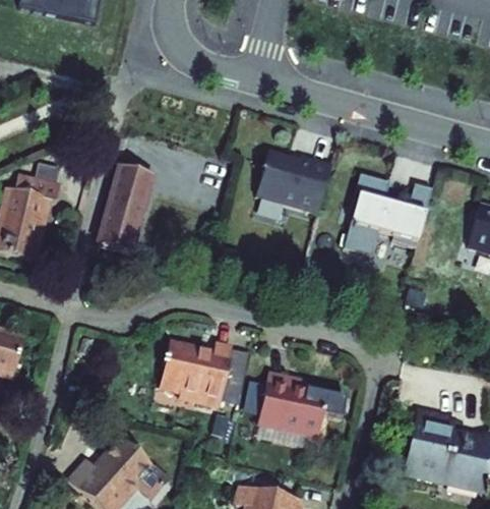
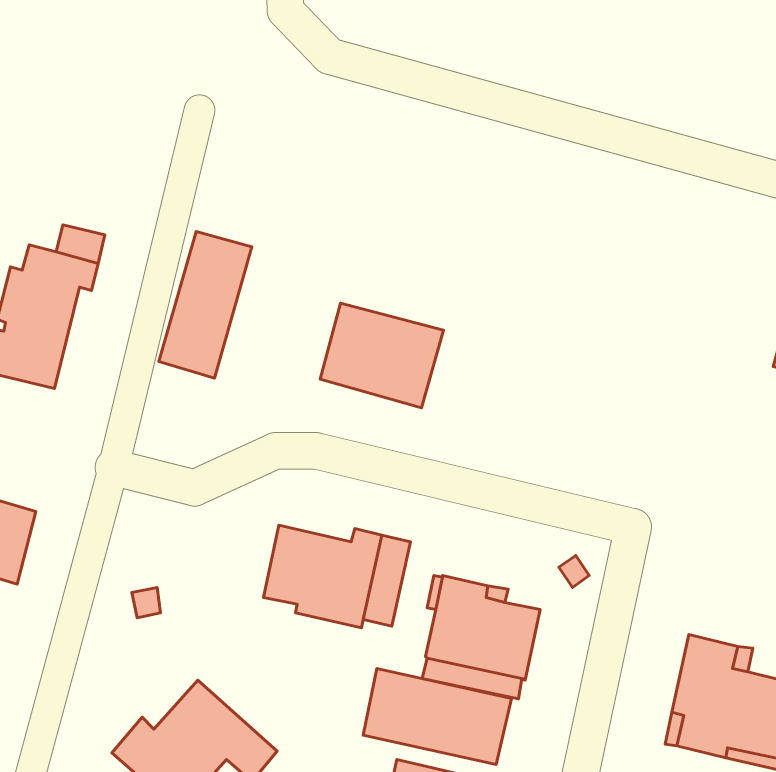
building: [256,148,330,211] -> [320,303,443,408]
building: [343,173,432,256] -> none
building: none -> [363,668,511,764]

